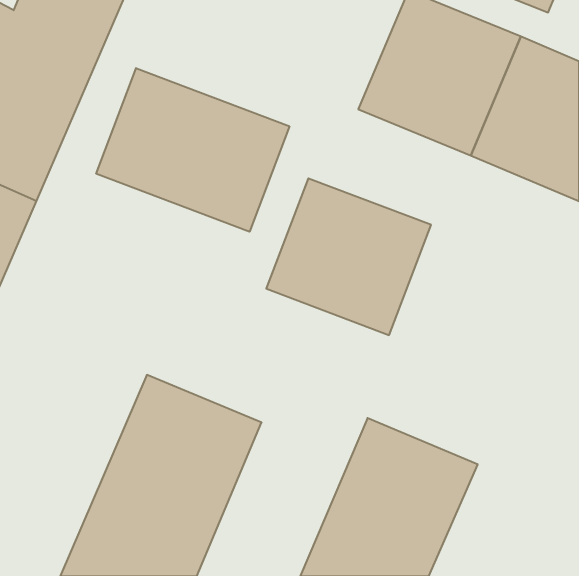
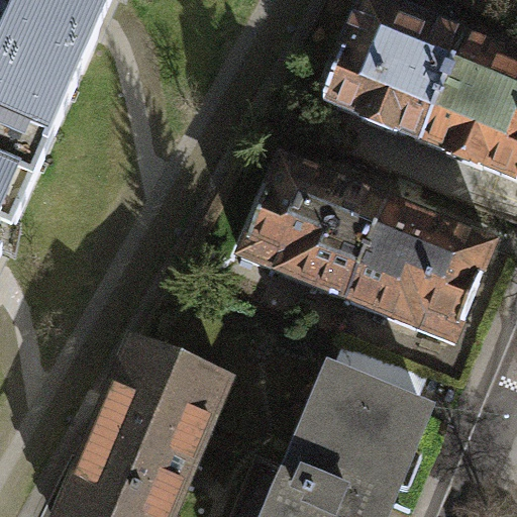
building: [96,68,289,232] -> none
building: none -> [345,200,492,339]

